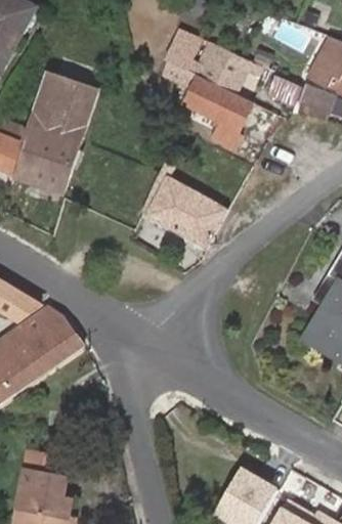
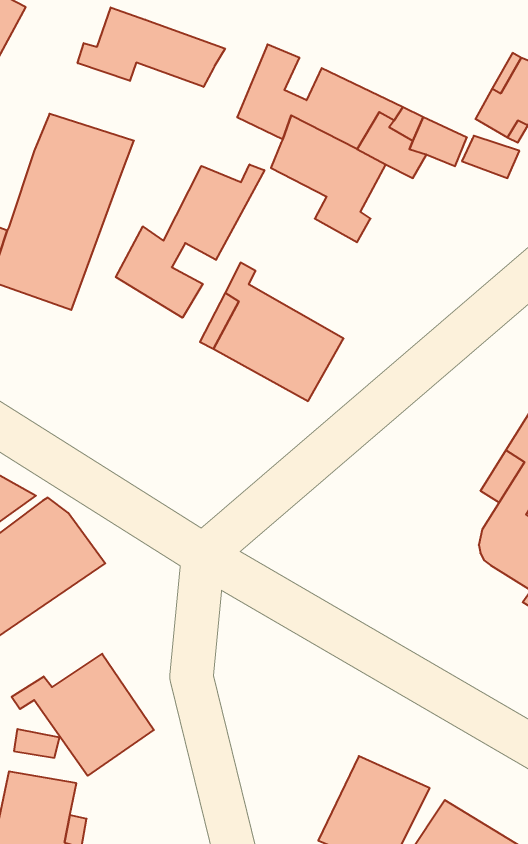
building: none -> [78,7,225,87]
building: none -> [116,164,264,318]
building: none -> [12,654,154,776]

